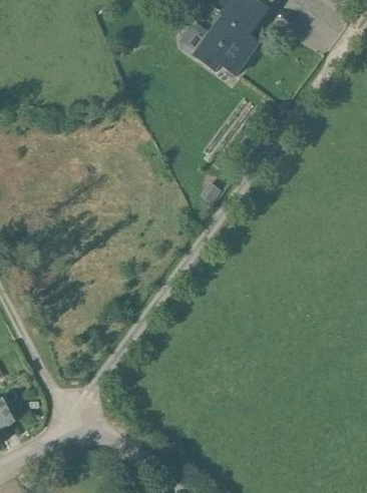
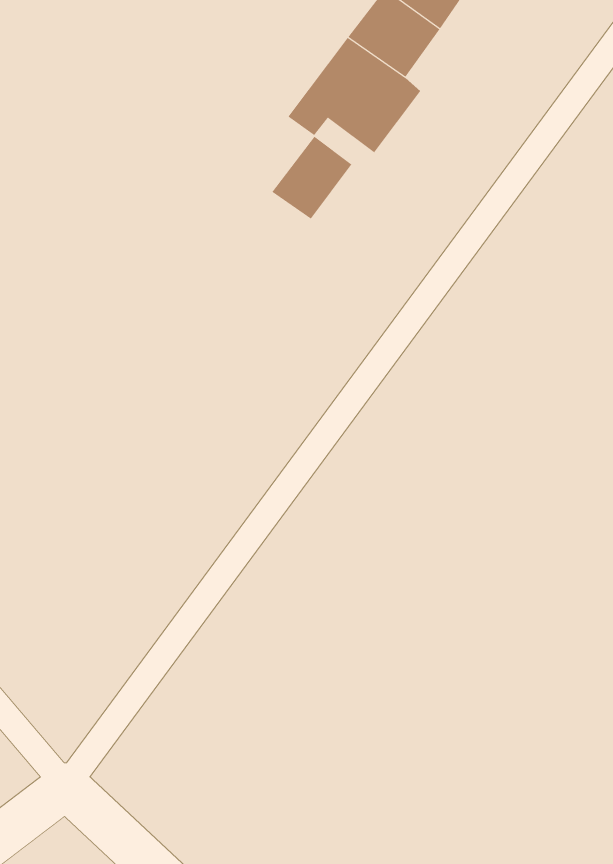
building: none -> [271,136,352,220]

